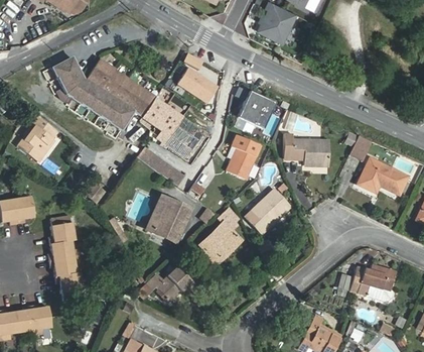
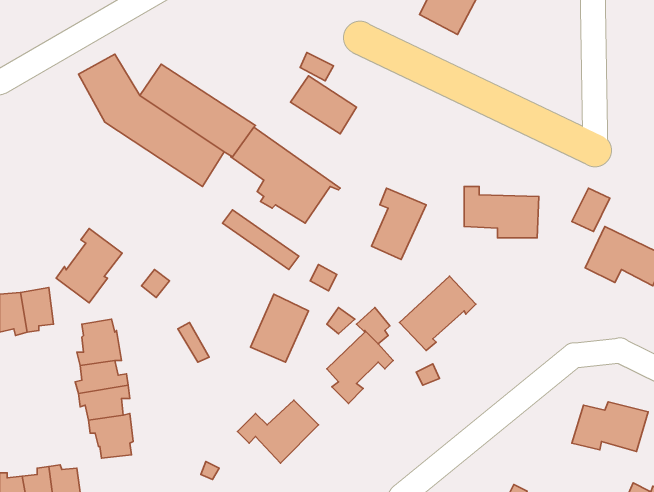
building: [237,91,277,130] -> none
building: [18,116,58,161] -> [56,228,122,303]

